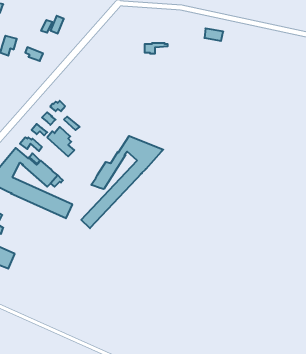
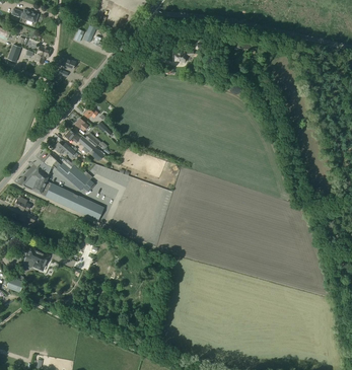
building: [81,136,163,228] -> none

